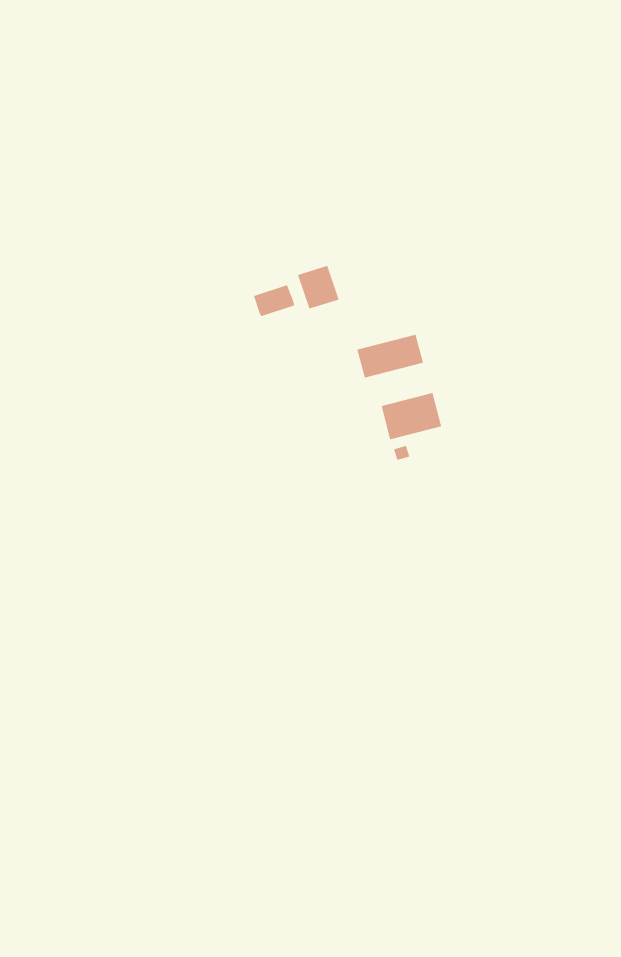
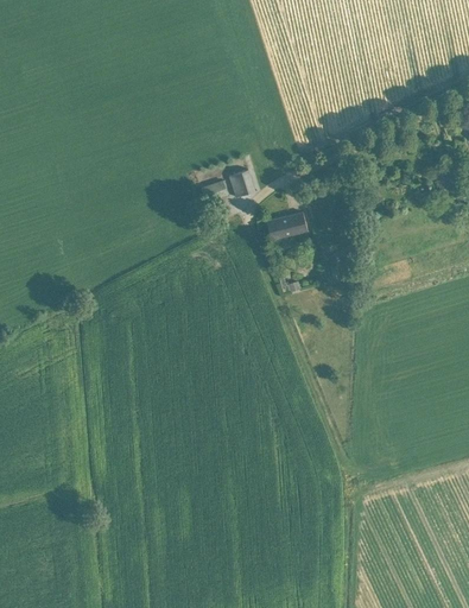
building: [381,392,442,440] -> none

